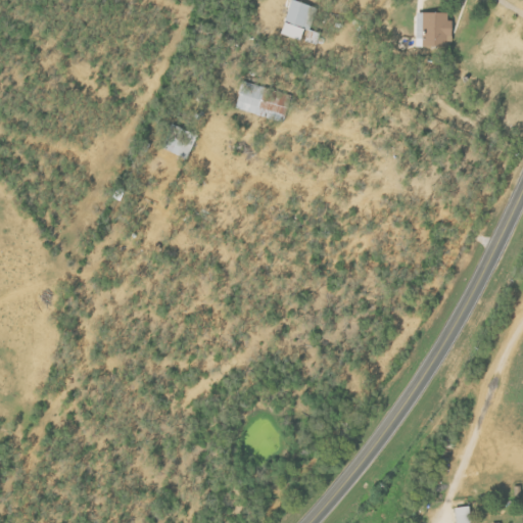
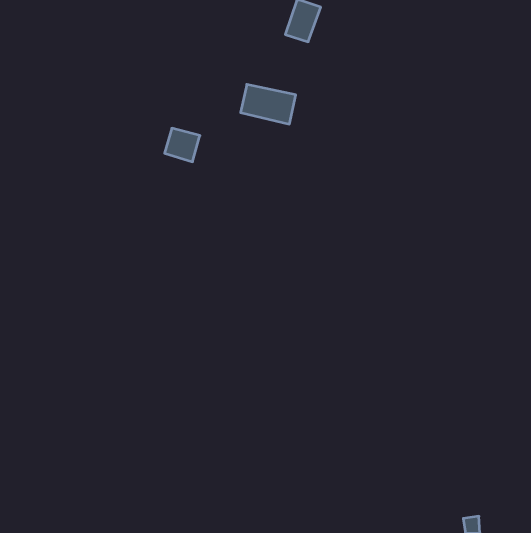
building: [416,12,450,47] -> none

